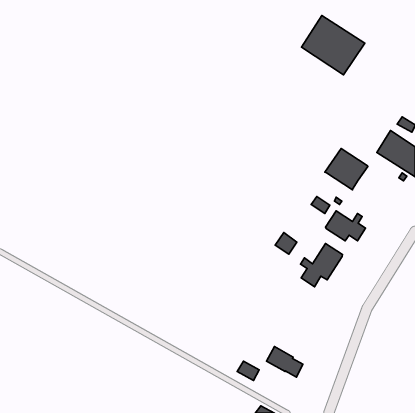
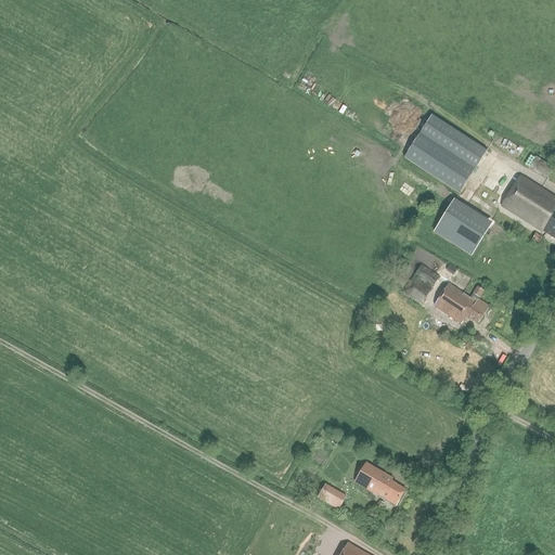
building: [301,15,365,75] -> [403,113,488,192]
building: [275,232,297,254] -> [403,273,433,302]
building: [301,243,342,287] -> none

